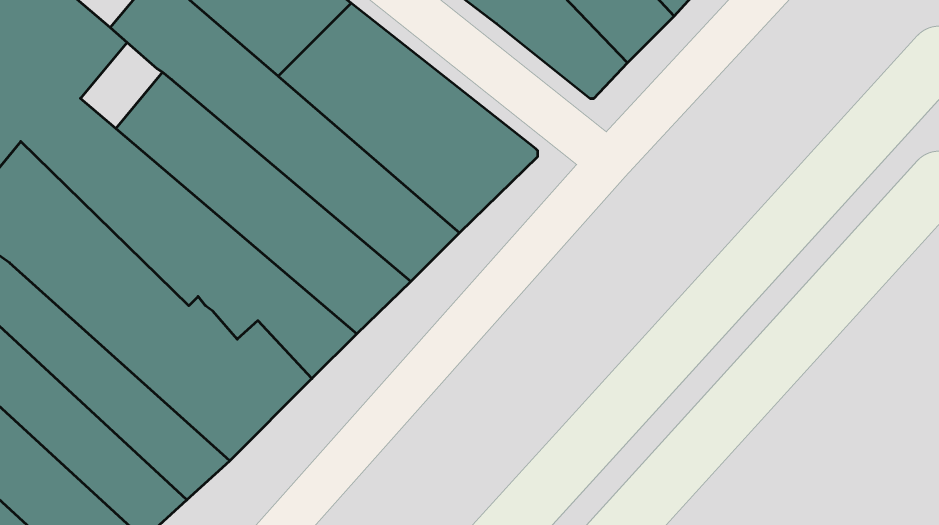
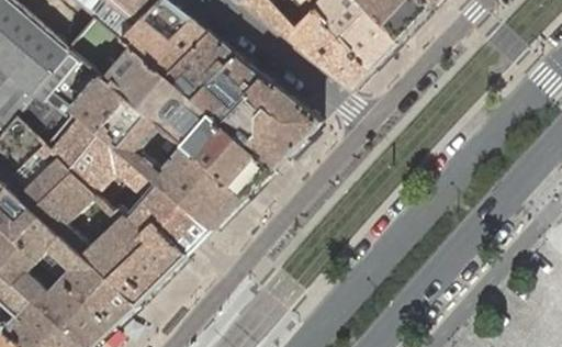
building: none -> [48,56,97,107]

